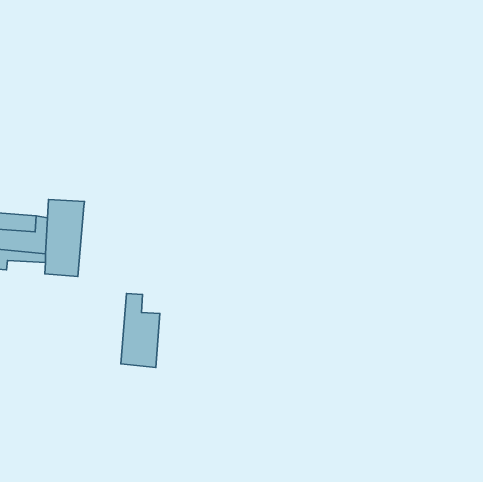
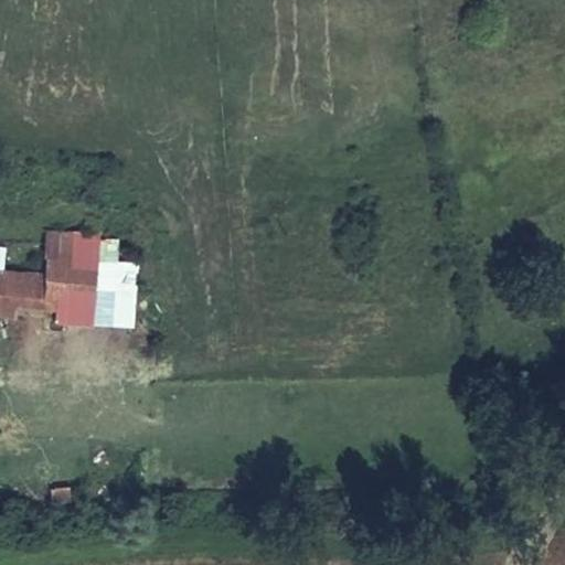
building: [121,294,160,368] -> [90,244,136,330]

